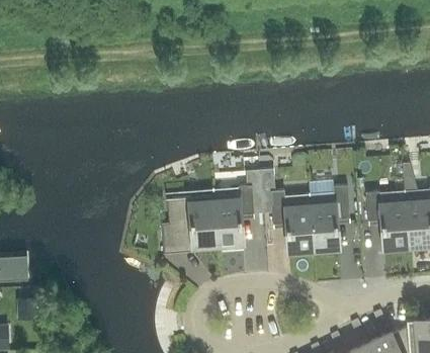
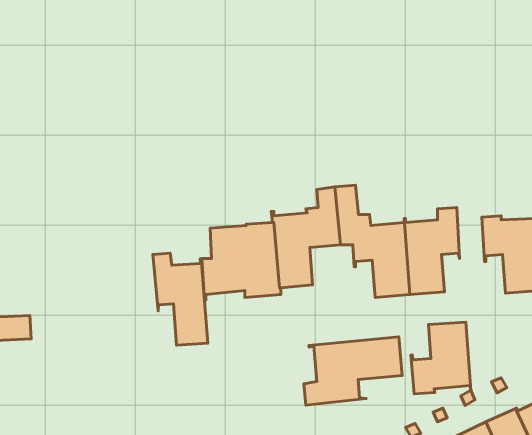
building: none -> [153,253,208,345]
building: none -> [411,322,471,394]
building: none -> [304,337,402,405]

